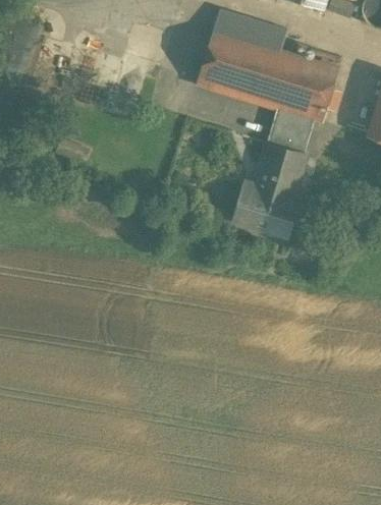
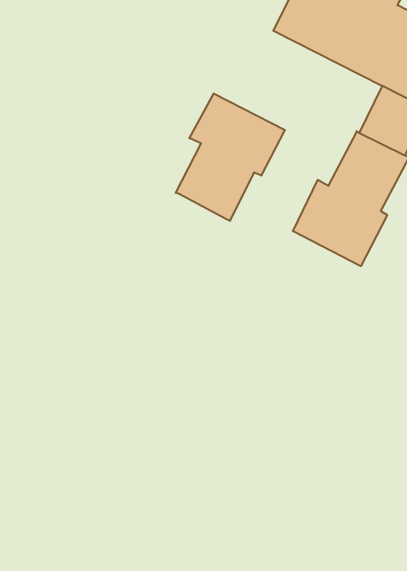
building: none -> [176,93,285,221]

